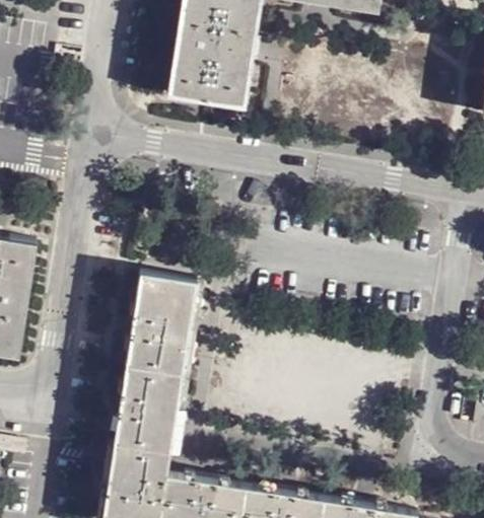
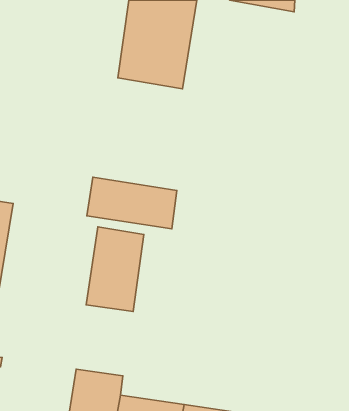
building: none -> [87,177,177,229]
building: [114,370,183,456] -> none

